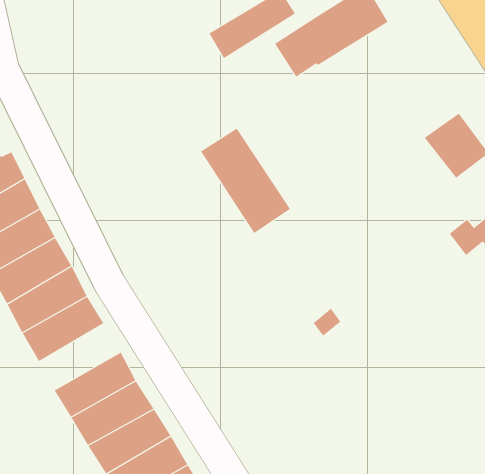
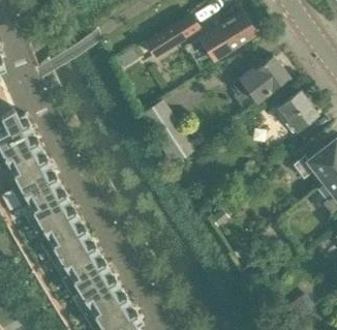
building: none -> [232,56,288,101]
building: none -> [40,219,91,261]

